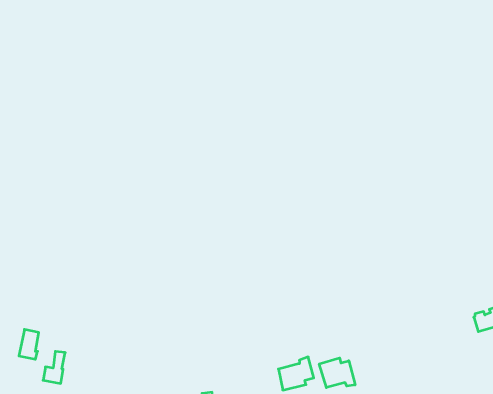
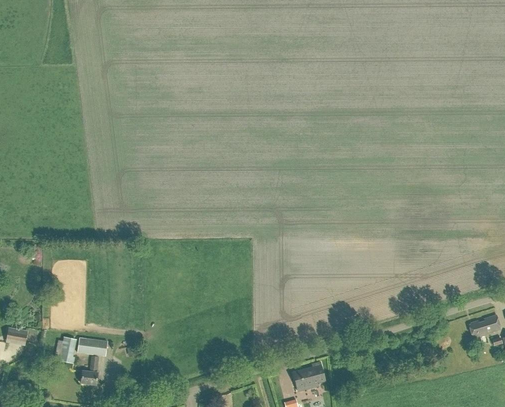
building: none -> [77,337,107,356]
building: [319,358,355,388] -> none

